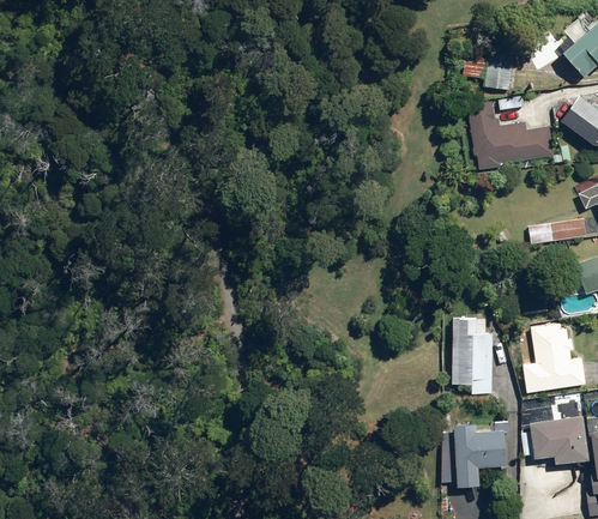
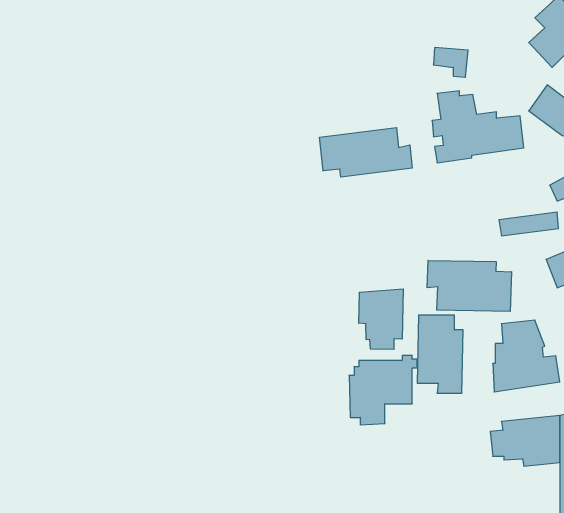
building: none -> [320,128,412,177]
building: none -> [427,260,512,311]
building: none -> [359,289,403,349]
building: [443,421,509,488] -> [349,356,417,425]

